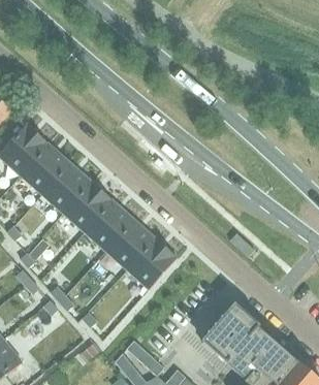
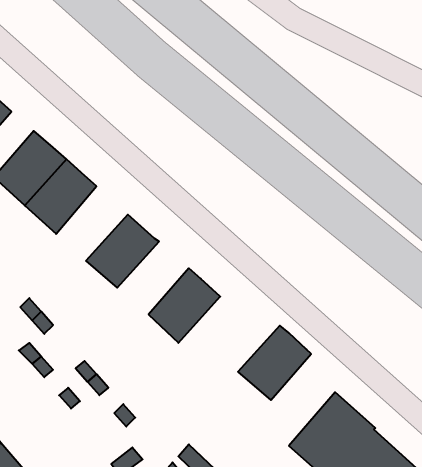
building: [41,161,91,213] -> none
building: [84,199,133,250] -> none
building: [126,237,177,289] -> [238,326,311,400]

